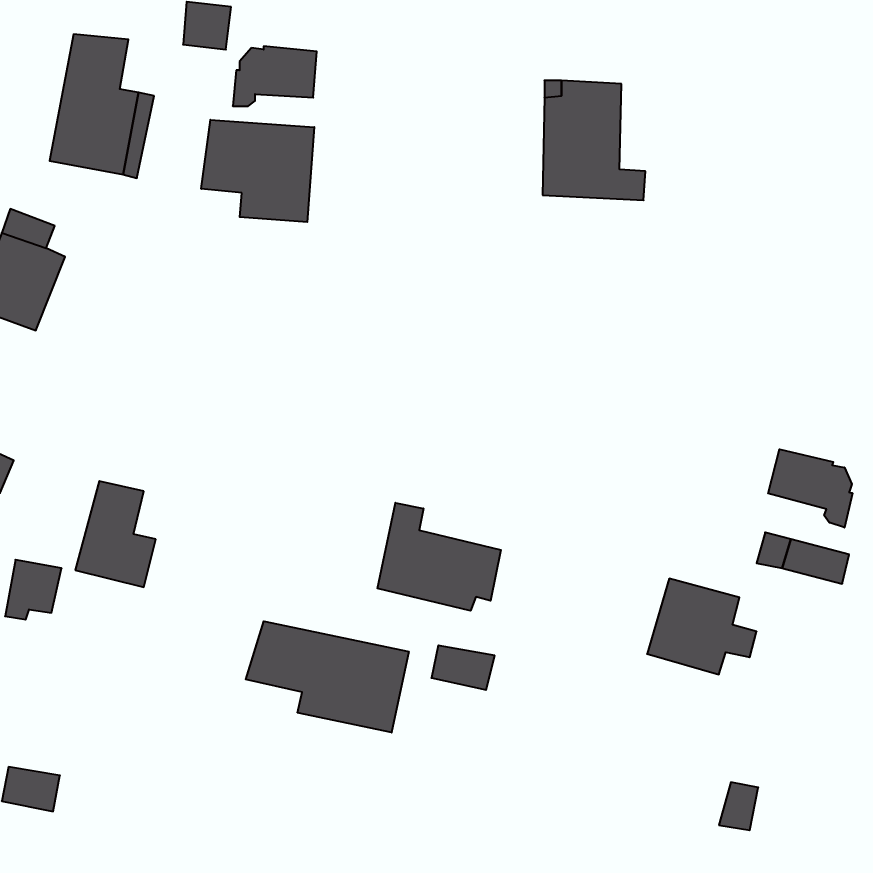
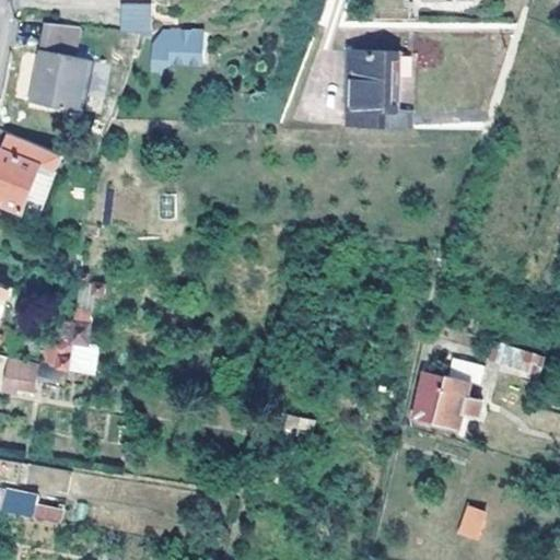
building: [201,120,314,222] -> none
building: [768,449,852,528] -> none
building: [377,503,501,611] -> none
building: [246,621,409,733] -> none

